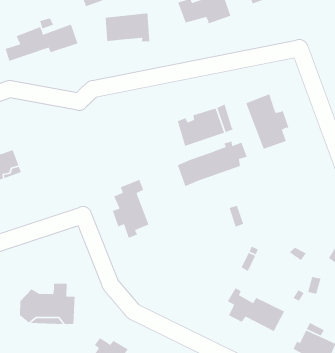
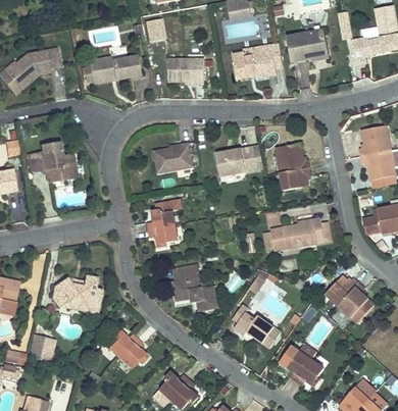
building: none -> [153,142,192,174]
building: [177,141,248,187] -> [269,215,332,249]
building: none -> [173,265,216,310]

